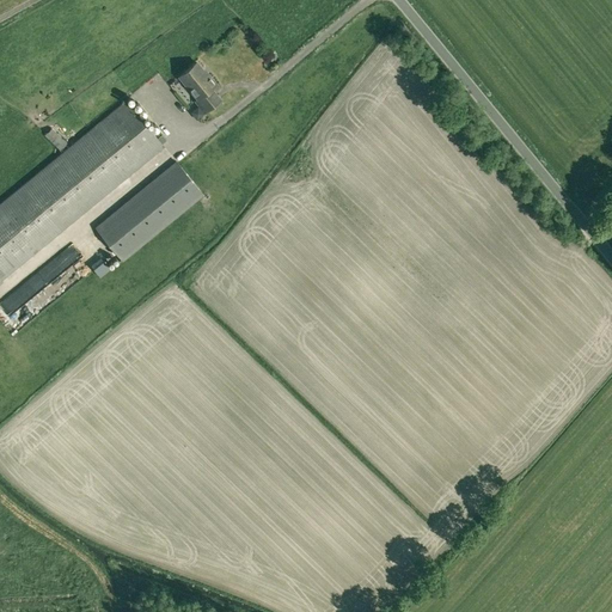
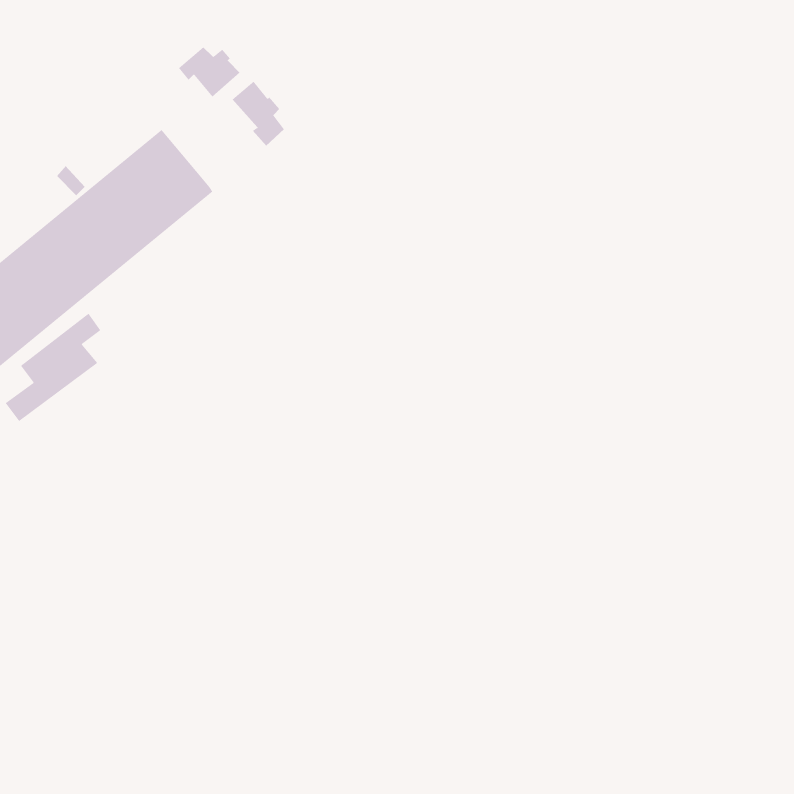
building: none -> [178,47,240,97]
building: [94,161,202,261] -> none

